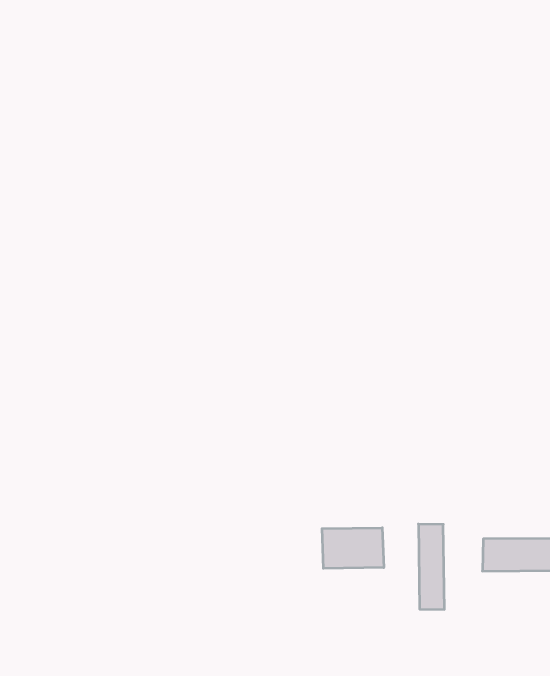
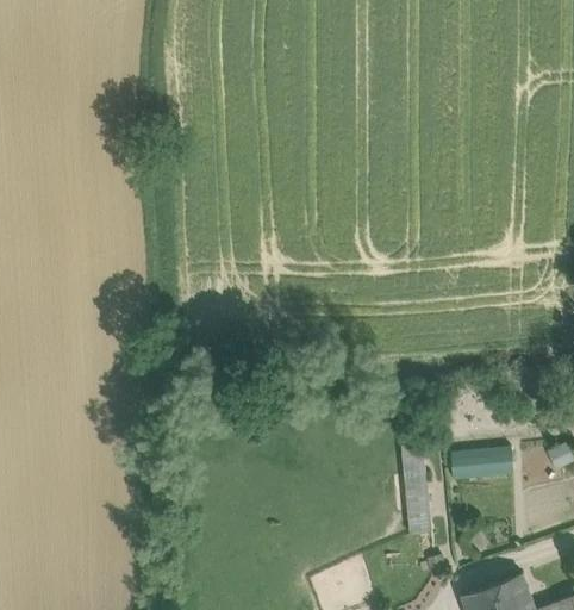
building: [322,528,384,568] -> none

